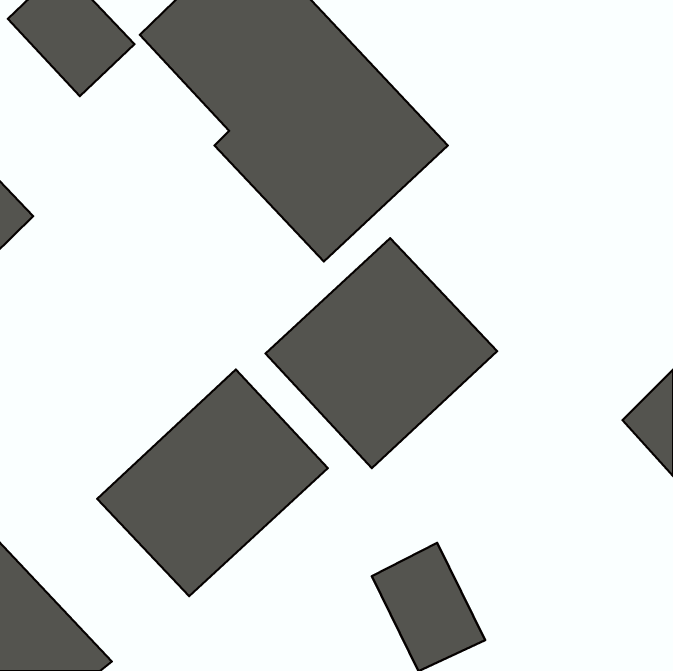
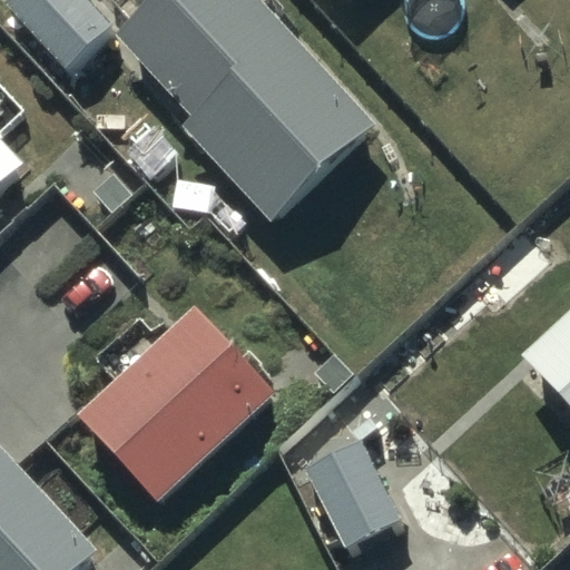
building: [265,238,497,468] -> none

